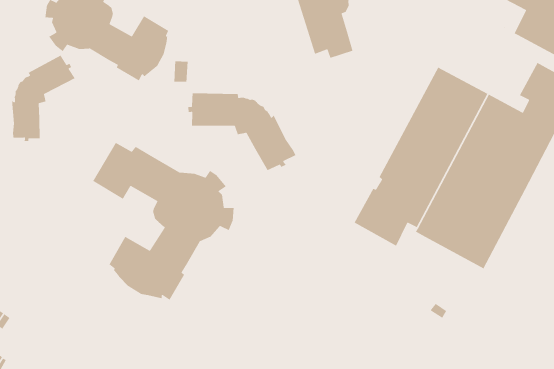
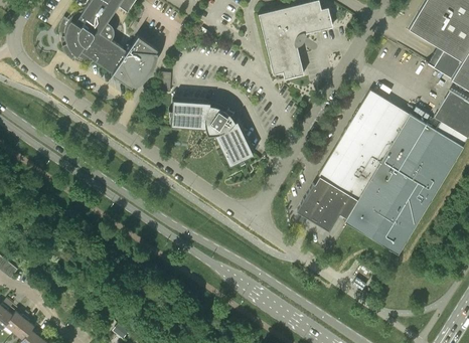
building: [11,54,76,142] -> none
building: [92,142,235,301] -> none

